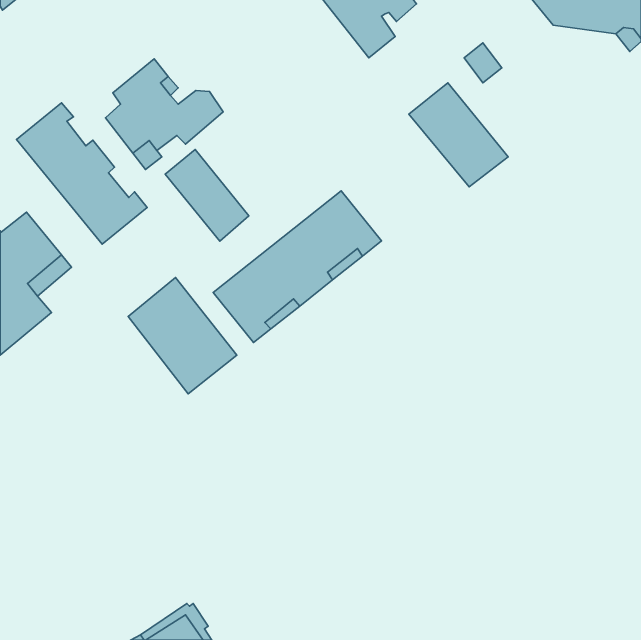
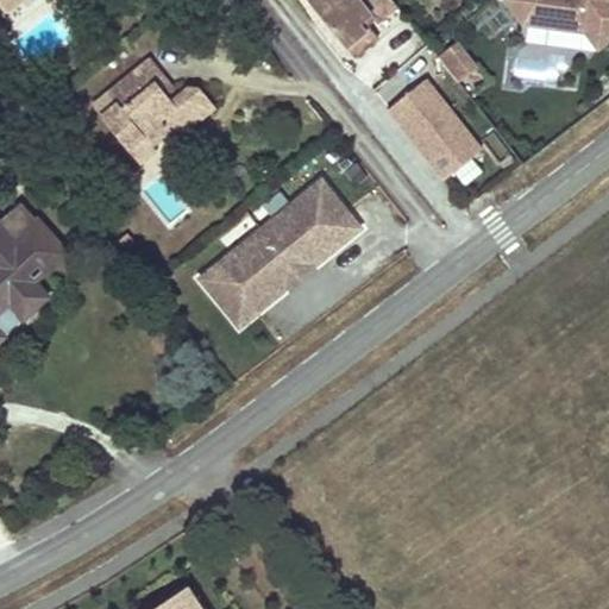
building: [16,103,147,244] -> none
building: [165,149,249,241] -> none
building: [128,278,237,394] -> none

